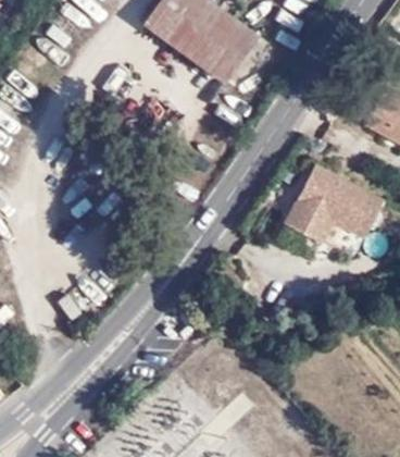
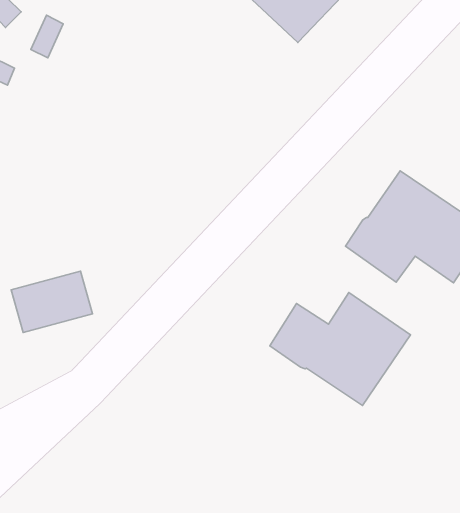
building: none -> [270,293,410,406]

